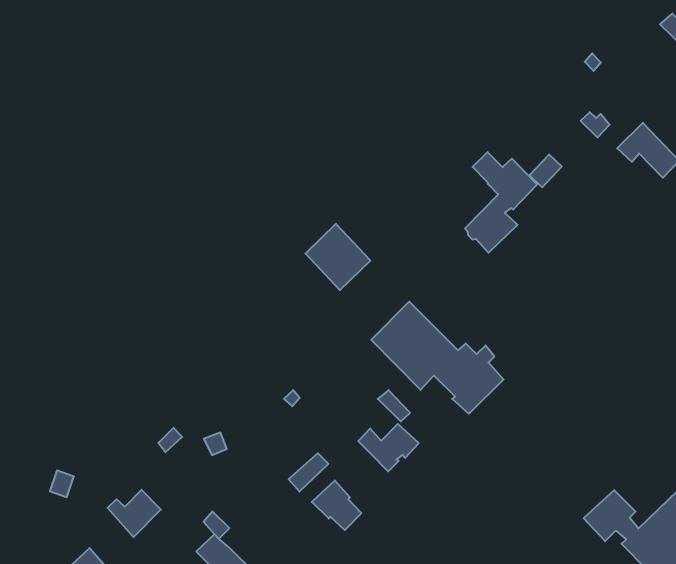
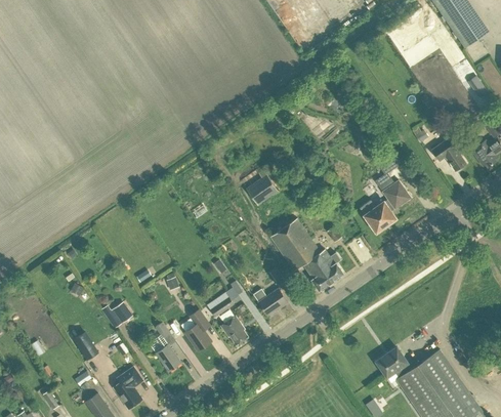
building: [465,152,537,253] -> [365,173,411,232]
building: none -> [184,308,212,350]

